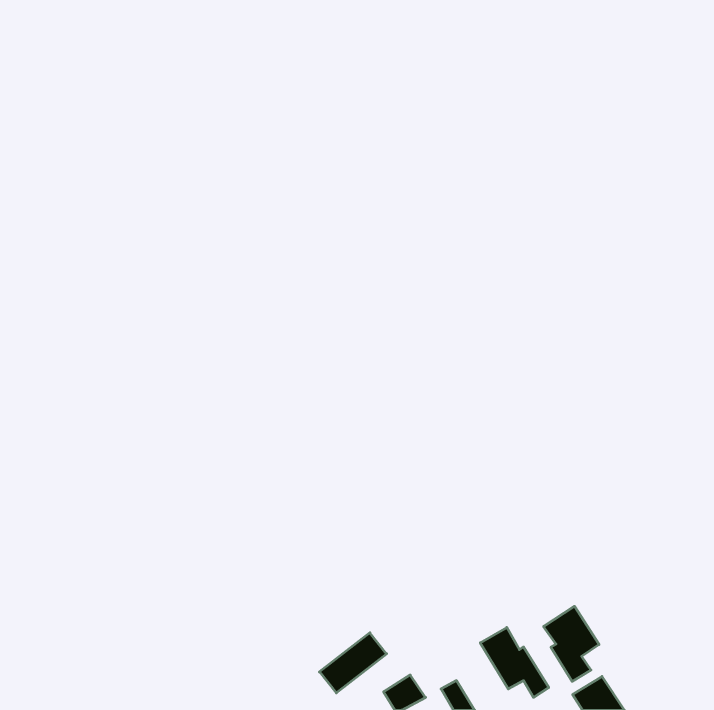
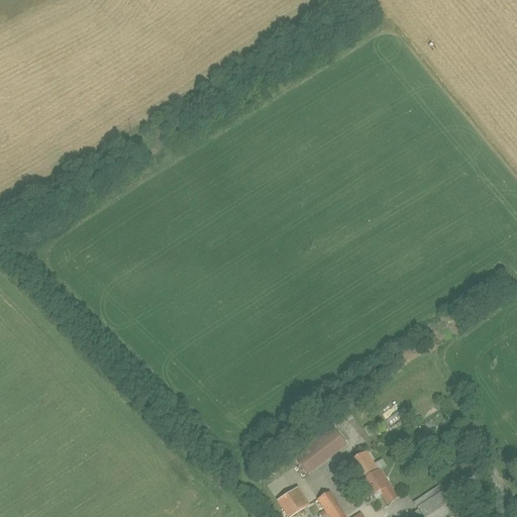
building: [544,606,599,681] -> none
building: [319,633,387,693] -> [297,427,345,471]

